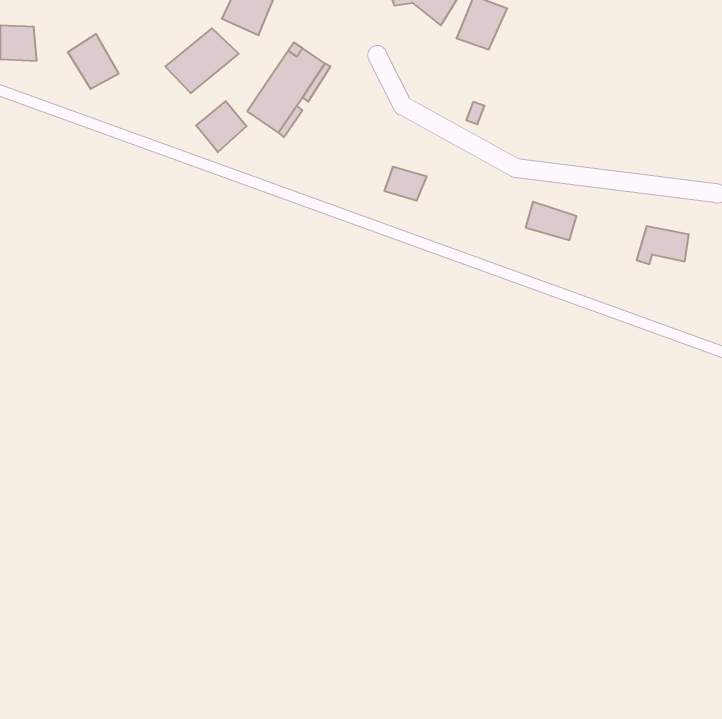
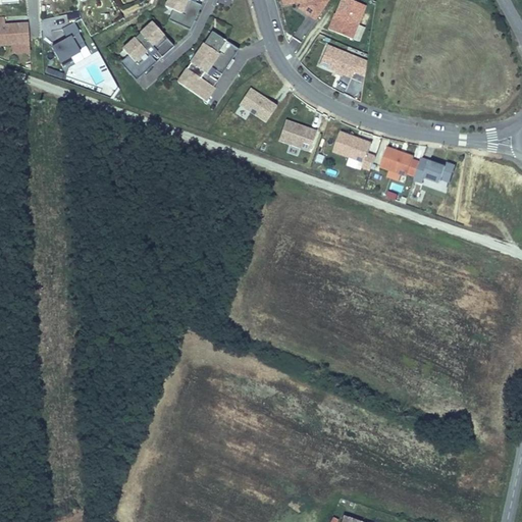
building: none -> [323,47,370,79]
building: [196,101,247,152] -> none
building: none -> [239,89,277,123]
building: none -> [334,133,370,160]
building: [637,226,689,264] -> [415,157,453,185]

